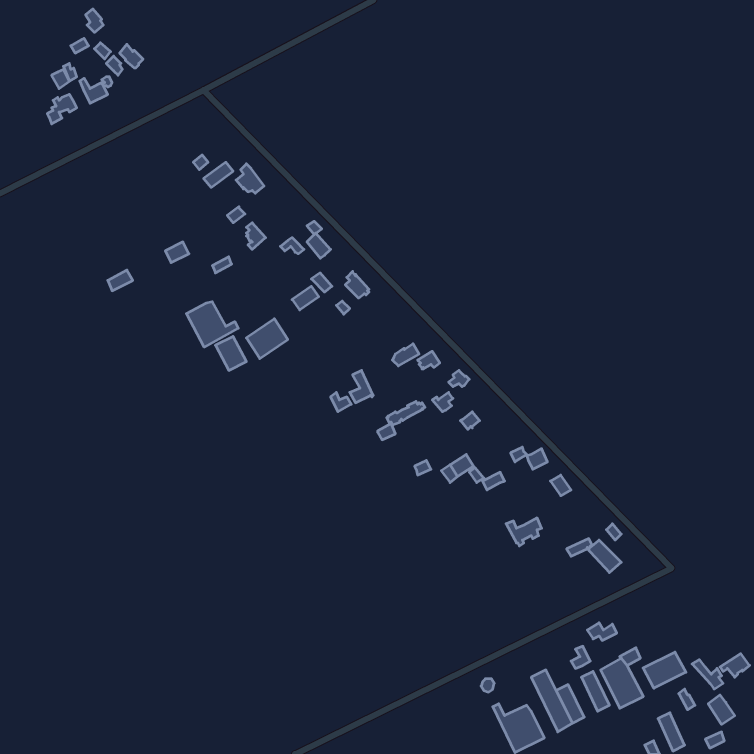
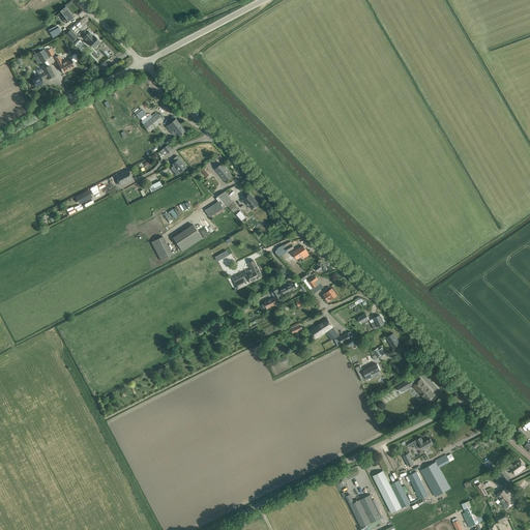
building: [186,302,238,347] -> none
building: [643,652,686,688] -> none

